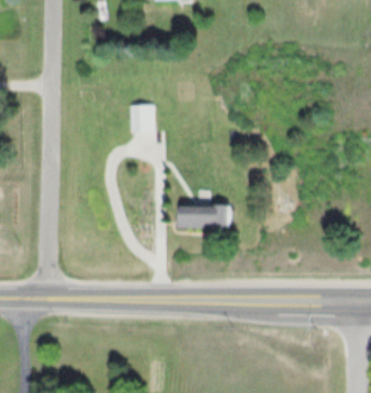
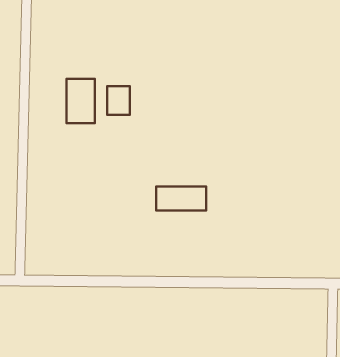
building: none -> [66,79,95,123]

